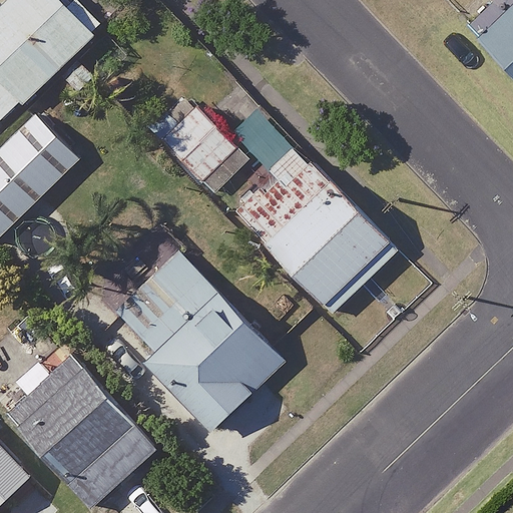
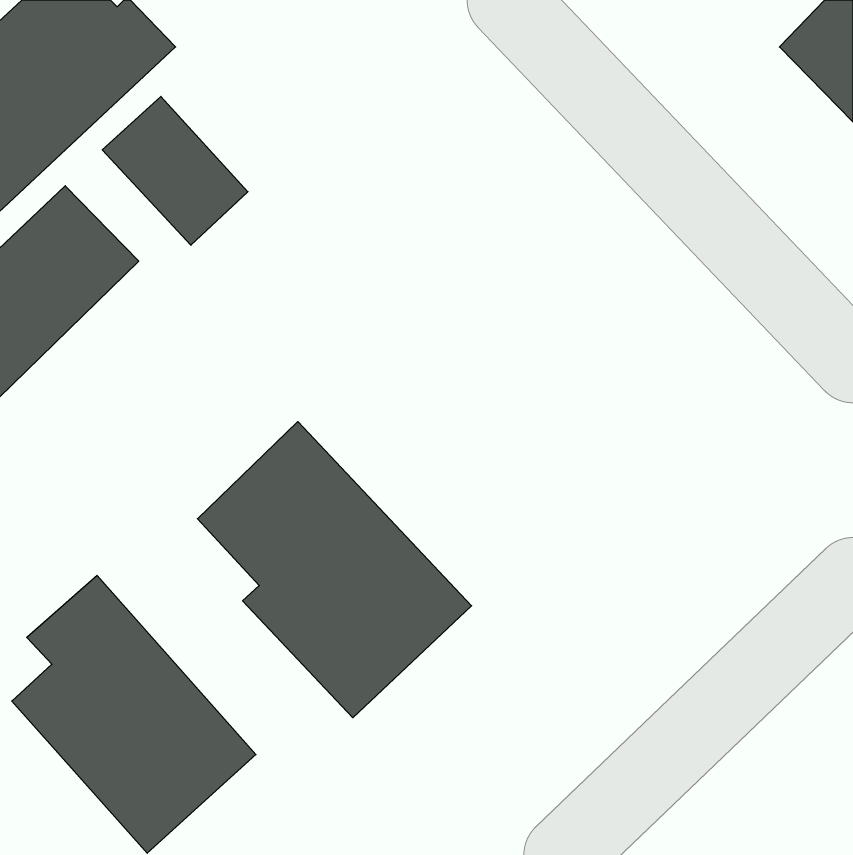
building: [150,94,237,183] -> [102,96,248,245]
building: [231,145,400,315] -> none

